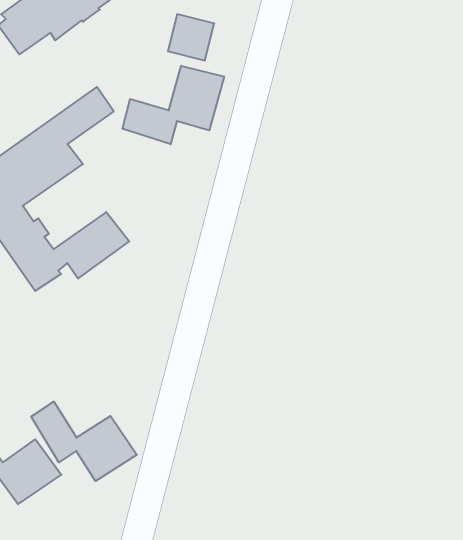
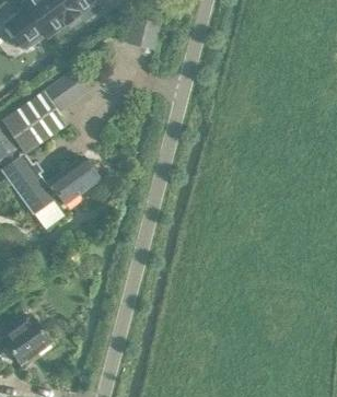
building: [123,66,224,144] -> none
building: [31,401,137,481] -> none

